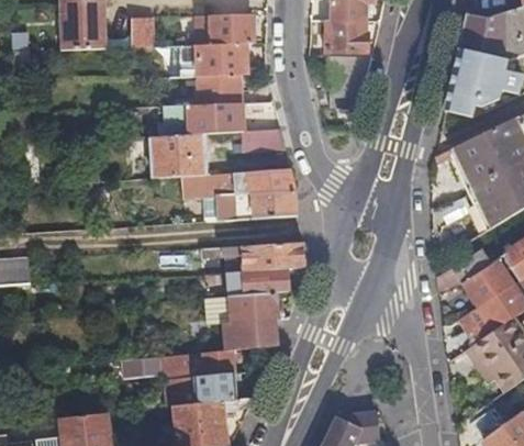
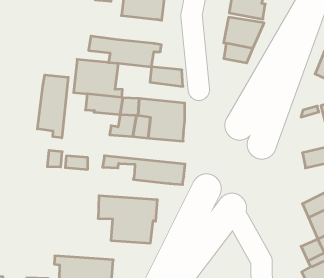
building: [198,73,243,104] -> none
building: none -> [37,75,68,138]
building: [204,268,289,297] -> none
building: [123,349,235,379] -> none

